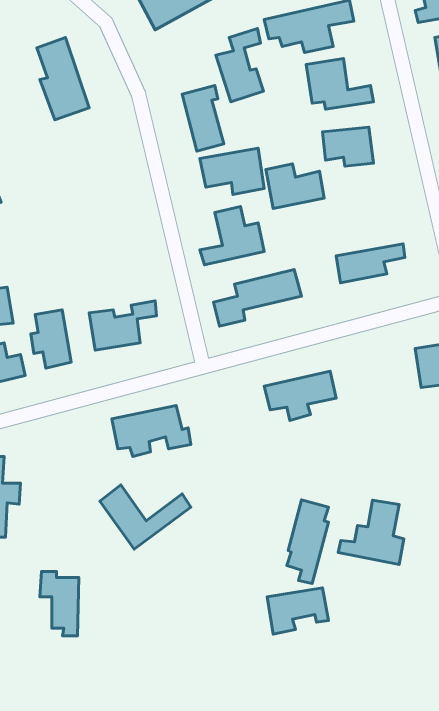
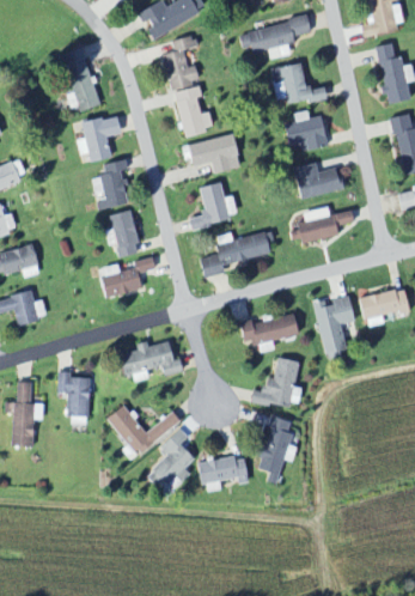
building: [216,28,264,102] -> [161,32,200,91]
building: none -> [77,114,120,160]
building: [266,164,324,209] -> [295,162,342,197]
building: none -> [93,158,128,208]
building: [31,310,71,368] -> [106,209,139,256]
building: none -> [316,294,354,354]
building: [338,500,404,564] -> [251,357,304,408]
building: none -> [154,426,195,489]
building: [40,571,79,636] -> [57,371,89,422]
building: [267,588,328,634] -> [201,455,250,492]

